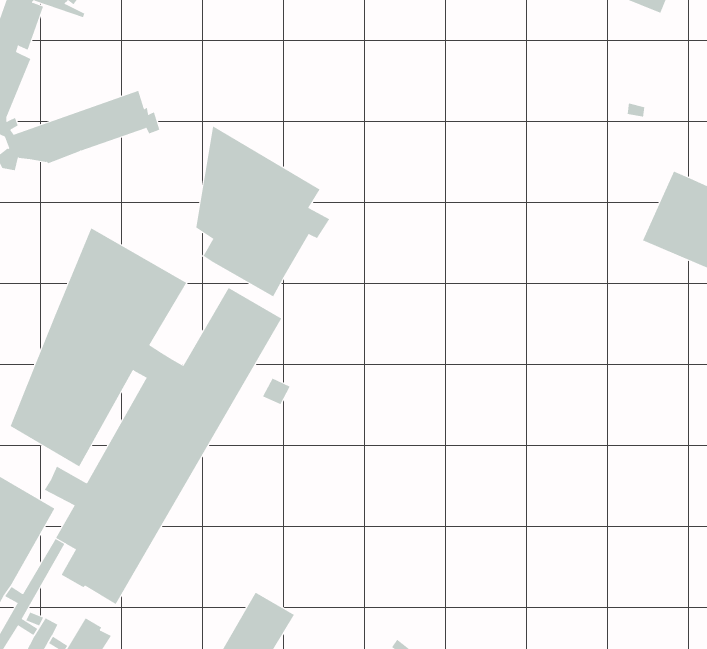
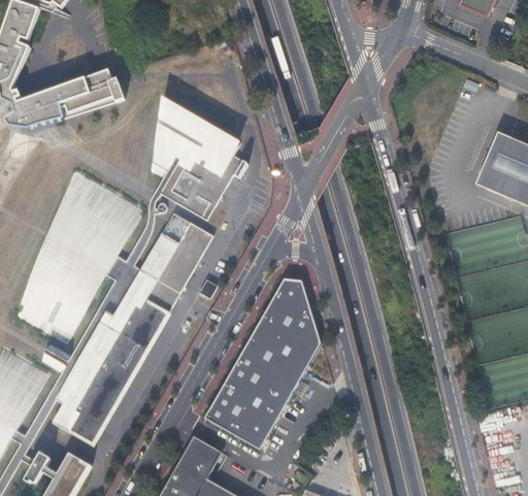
building: none -> [124,191,165,266]
building: none -> [205,277,320,450]

